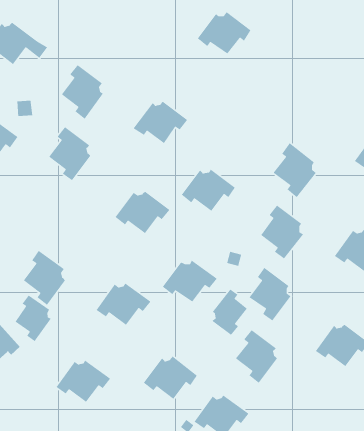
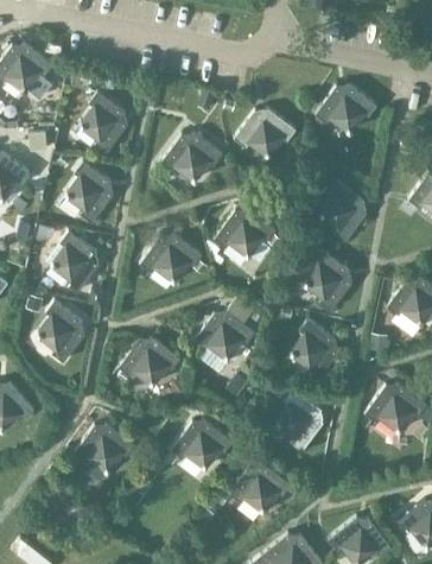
building: [197,11,252,54] -> [234,109,296,158]
building: none -> [315,85,377,134]
building: none -> [50,233,99,294]
building: [212,288,248,336] -> none
building: [14,295,52,342] -> none

